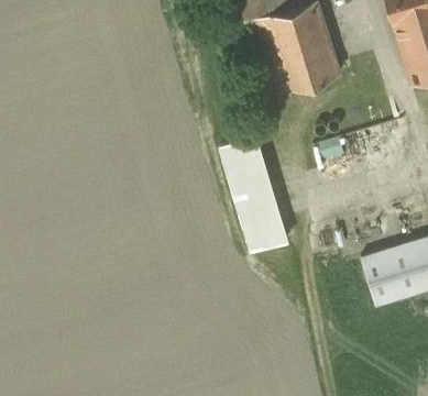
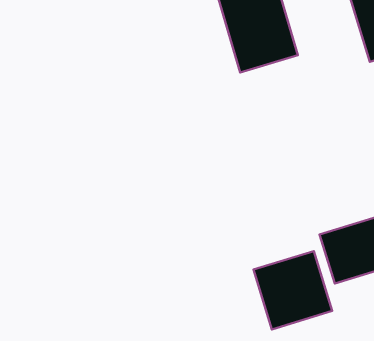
building: [217,133,292,254] -> none
building: none -> [253,251,332,329]

